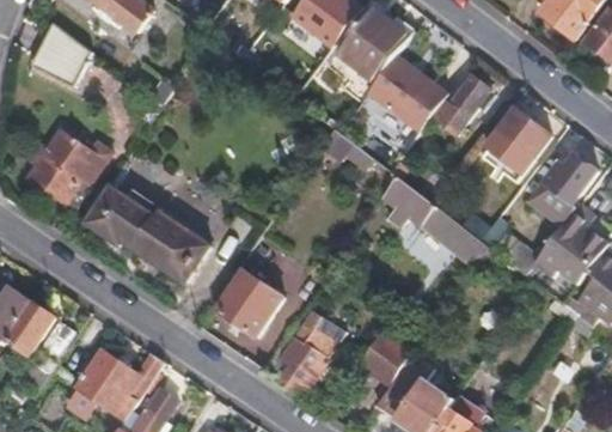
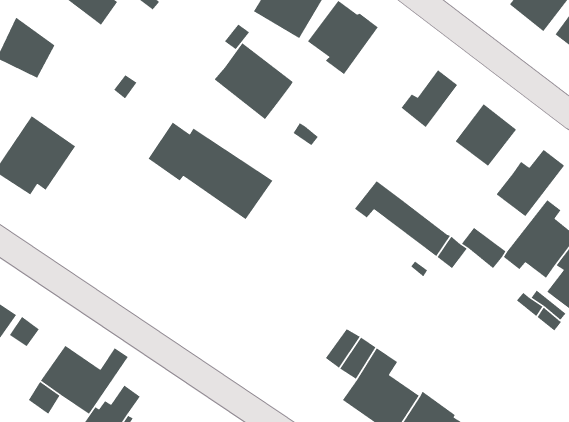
building: [366,56,446,134] -> [213,42,294,120]
building: [85,185,210,284] -> [147,121,274,220]
building: [215,269,294,339] -> none
building: [269,317,341,396] -> none

